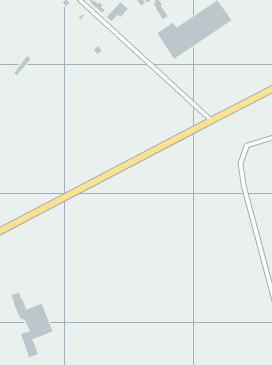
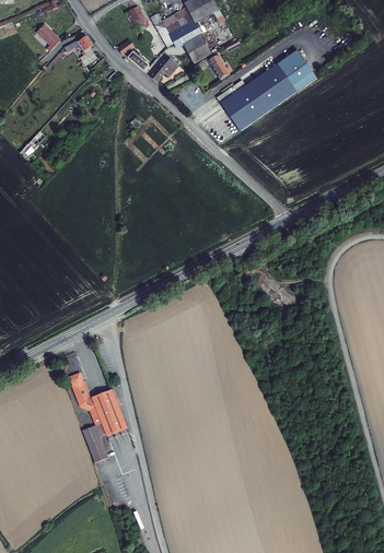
building: [11,292,53,358] -> [70,372,128,461]

